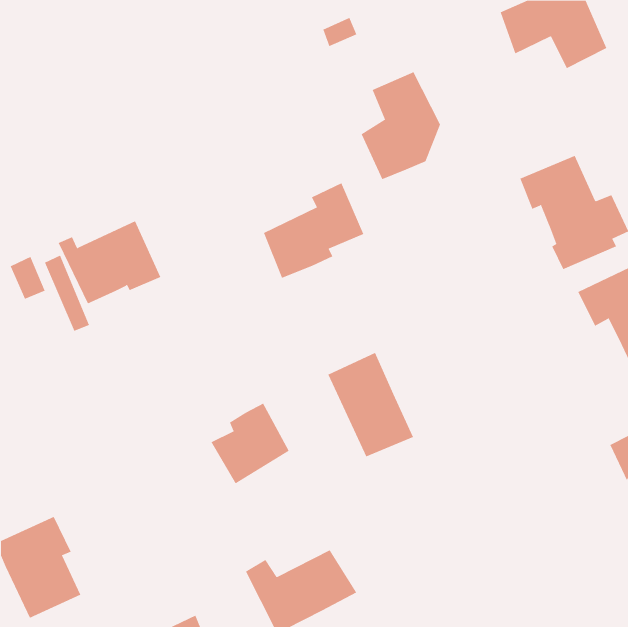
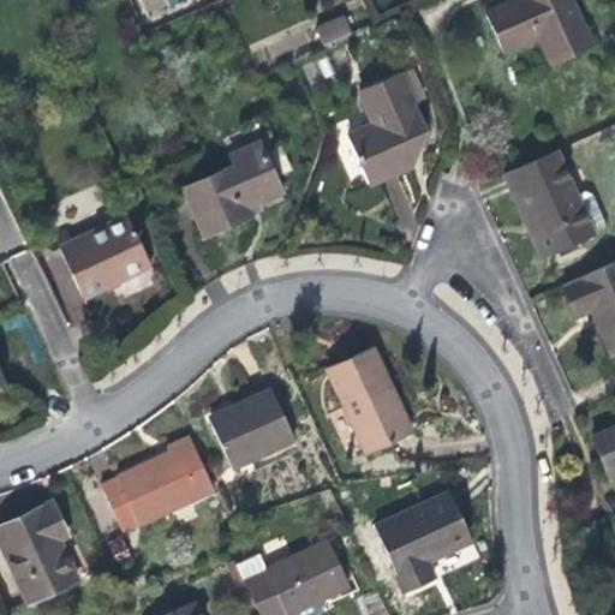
building: [263,182,364,279] -> [185,138,283,232]
building: none -> [95,432,213,532]
building: none -> [377,497,471,591]

